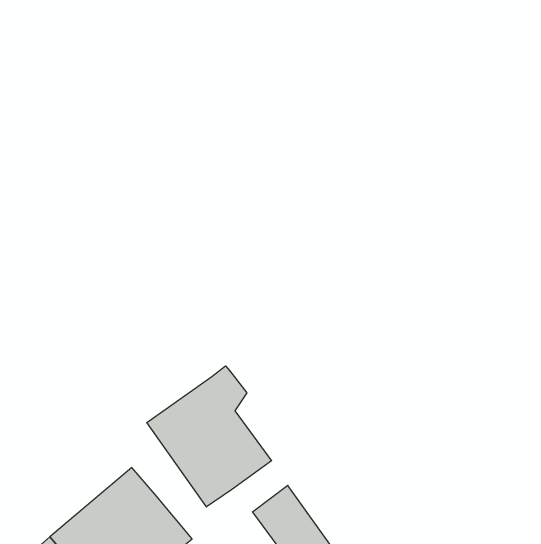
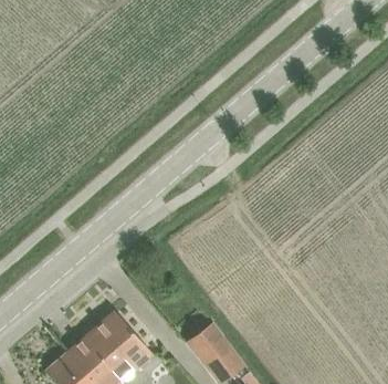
building: [147,366,272,507] -> none

